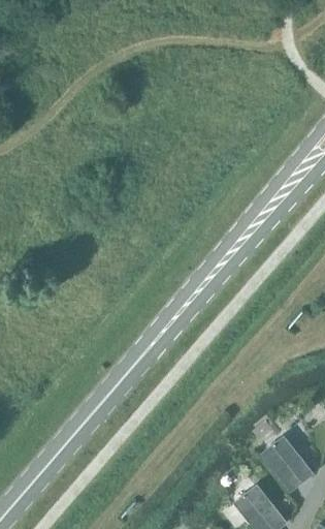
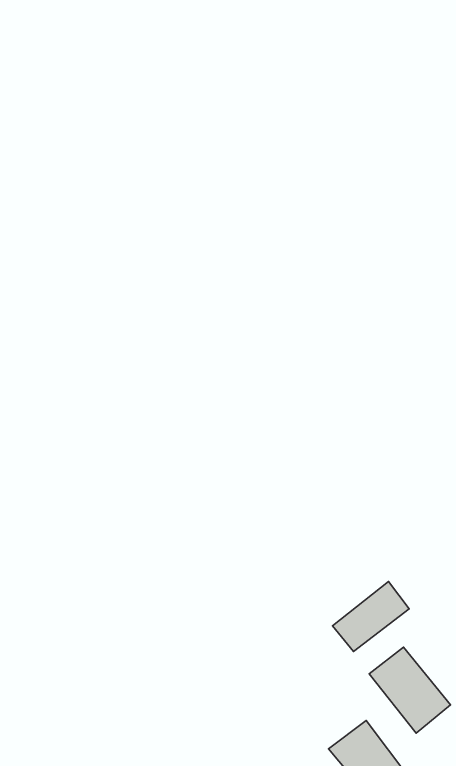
building: none -> [333,582,409,652]

